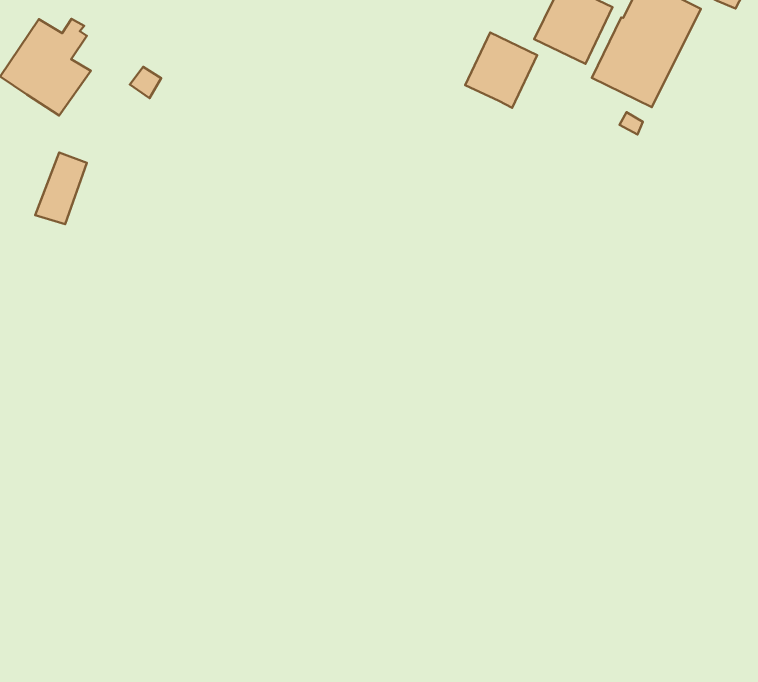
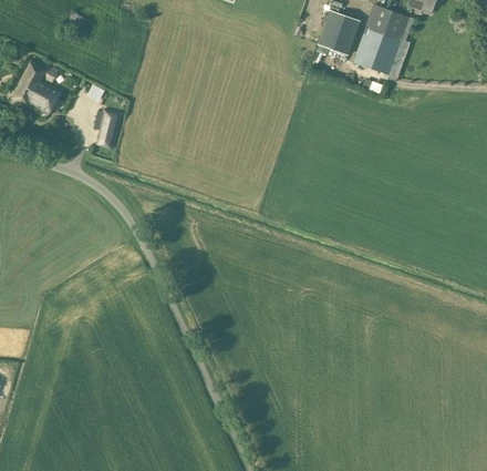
building: [465,33,537,108] -> none
building: [35,152,87,224] -> [95,107,122,149]

